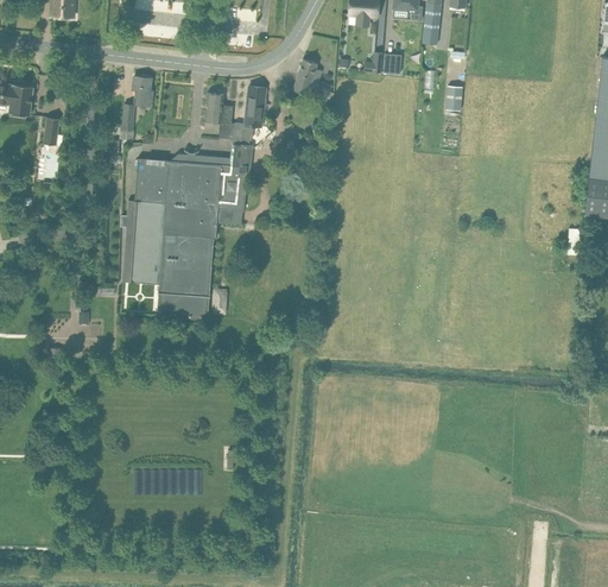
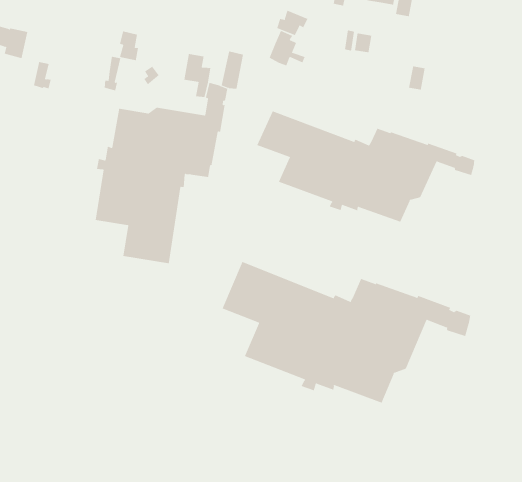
building: none -> [276,10,308,36]
building: none -> [257,110,475,223]
building: none -> [222,261,471,403]

